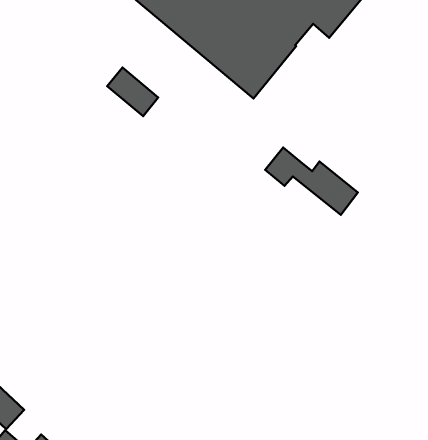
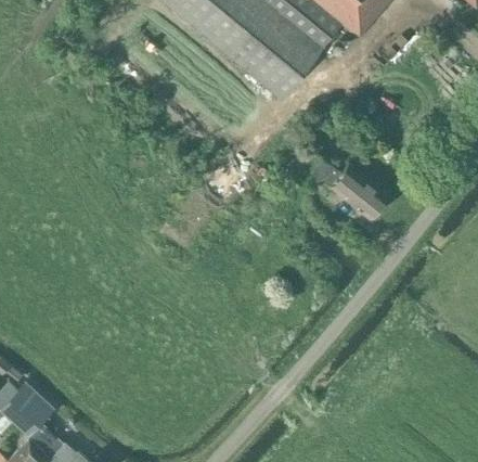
building: [107,68,158,116] -> none

